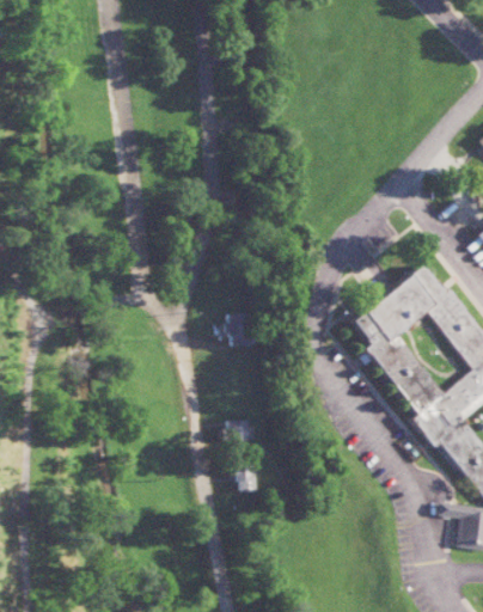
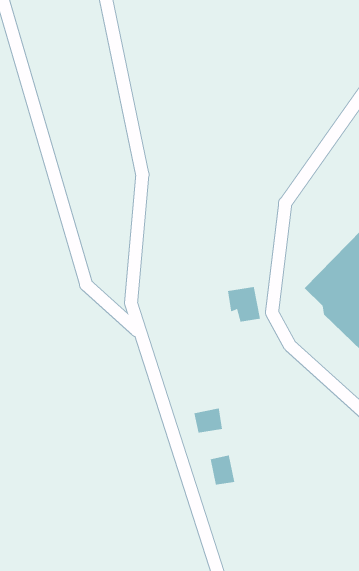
building: [227,316,255,347] -> [227,286,261,322]

